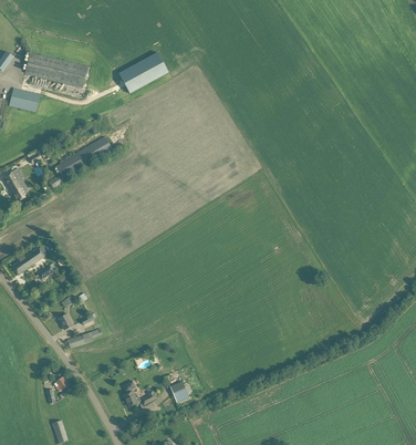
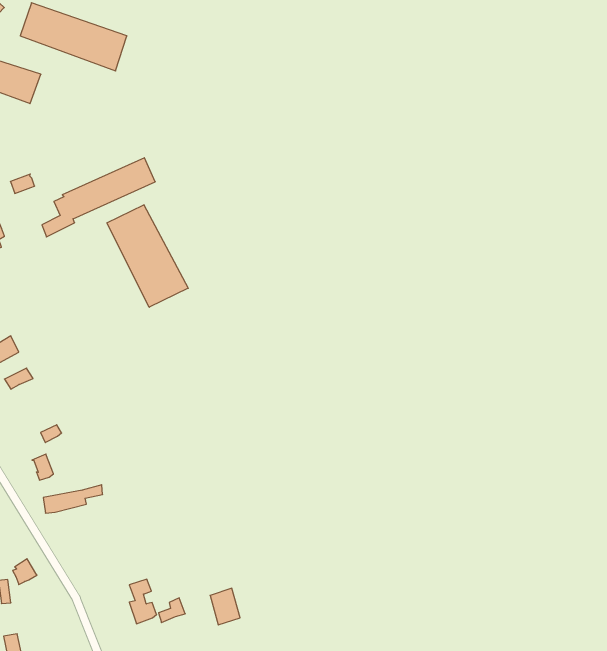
building: [119,52,169,92] -> none
building: none -> [107,205,188,307]

